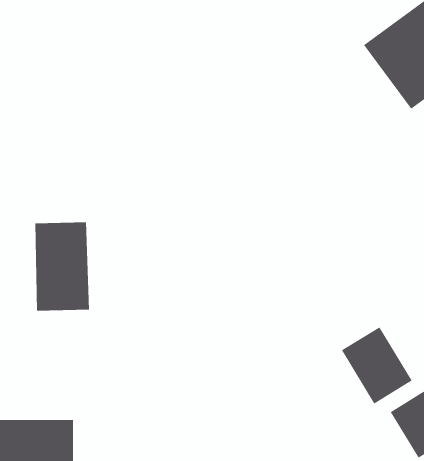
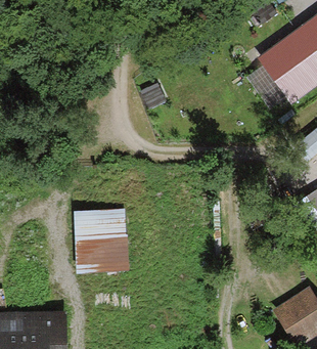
building: [35,222,90,311] -> [79,210,117,271]
building: [341,326,413,404] -> none

